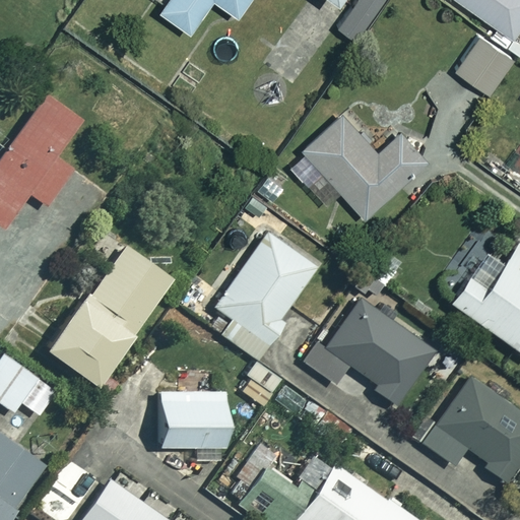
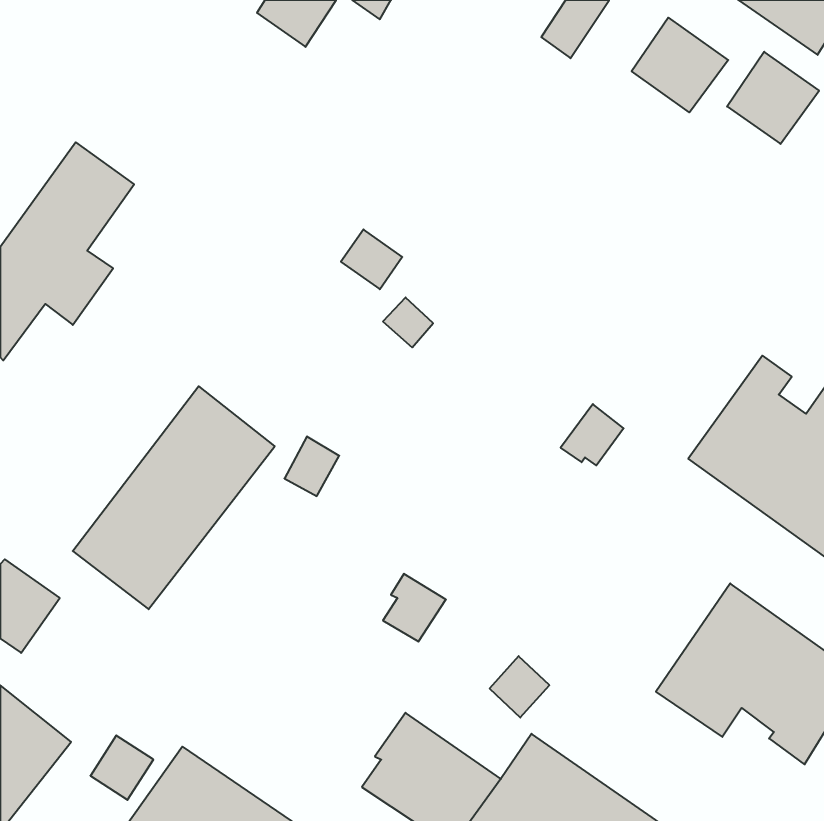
building: none -> [632,18,728,112]
building: [291,114,429,219] -> none
building: [211,234,317,361] -> none
building: [303,298,435,406] -> none
building: [159,391,229,460] -> none

